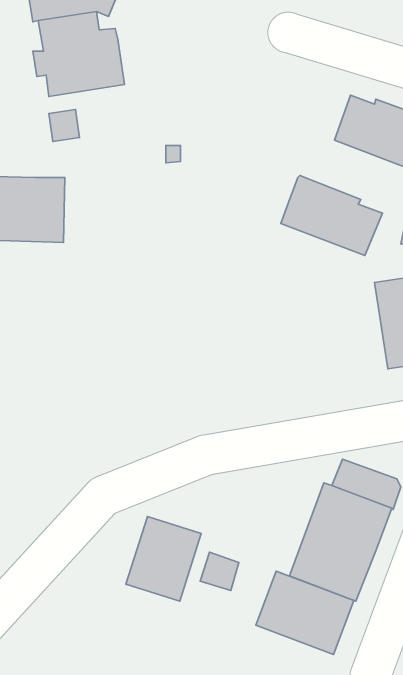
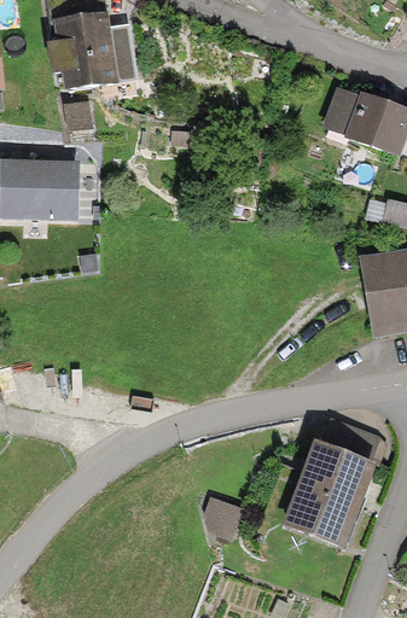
building: [281,176,382,255] -> none
building: [126,517,201,601] -> none
building: [256,571,354,654] -> none

